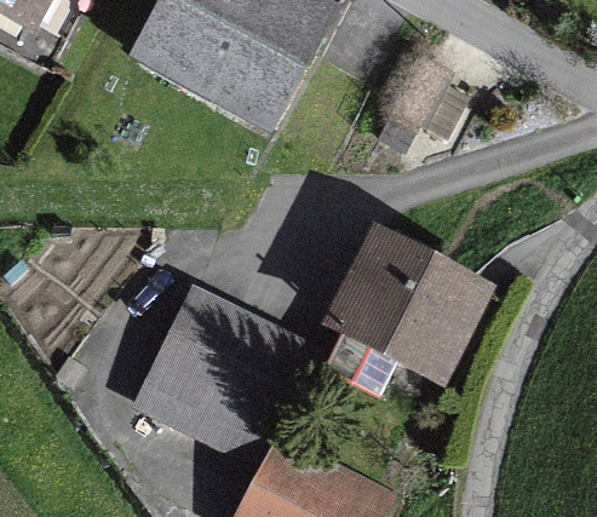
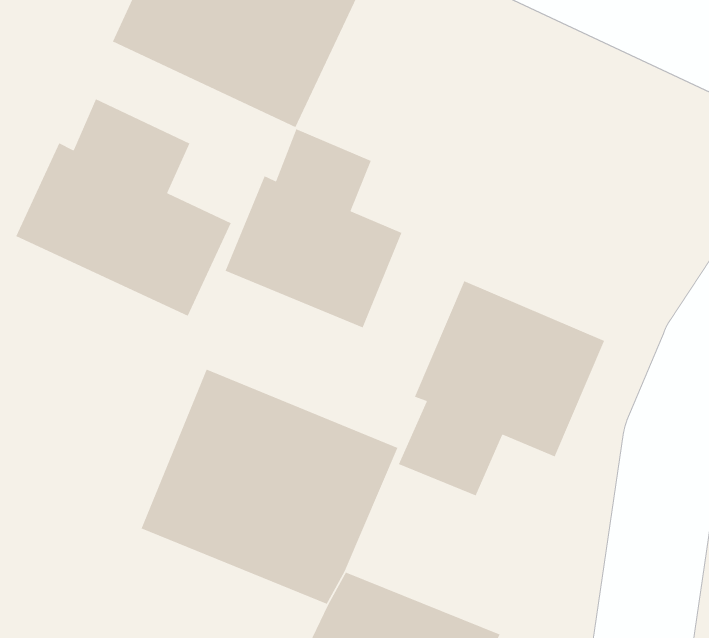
building: none -> [15,98,232,317]
building: none -> [224,128,403,328]

